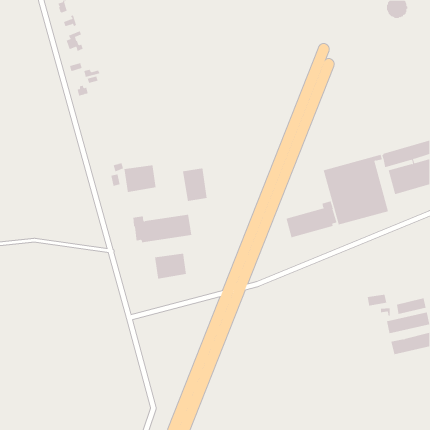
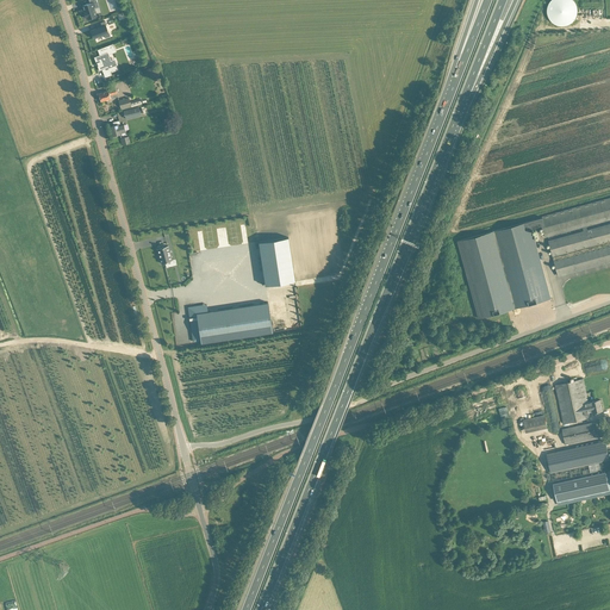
building: [124,165,156,193] -> none
building: [286,201,337,238] -> none
building: [154,253,187,280] -> none
building: none -> [554,380,602,424]

